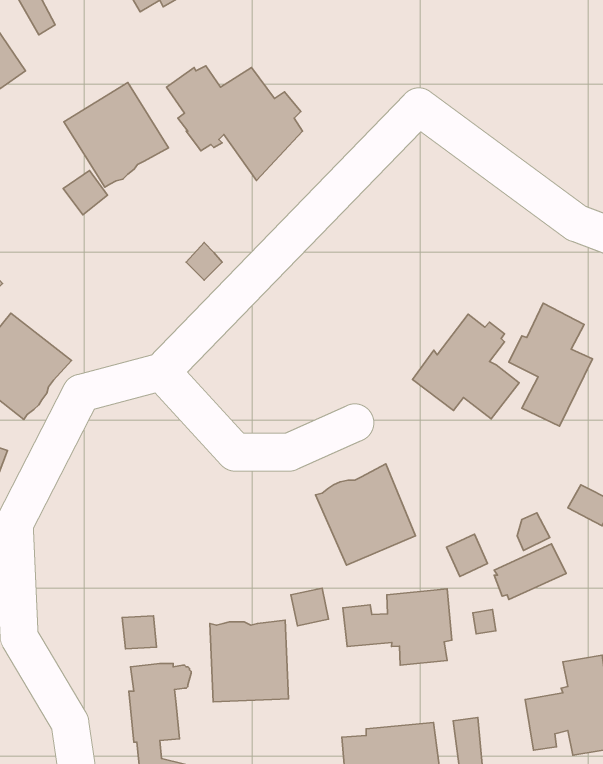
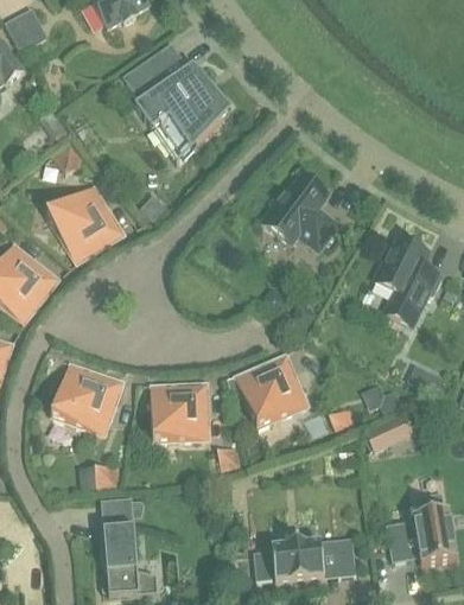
building: [64,82,169,187] -> [46,186,122,262]
building: [413,314,519,419] -> [261,174,338,250]
building: none -> [51,363,121,434]
building: [343,589,452,665] -> none
building: [210,620,289,702] -> [151,382,208,441]

